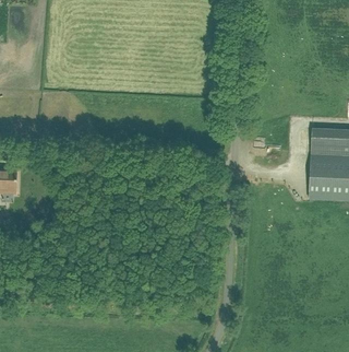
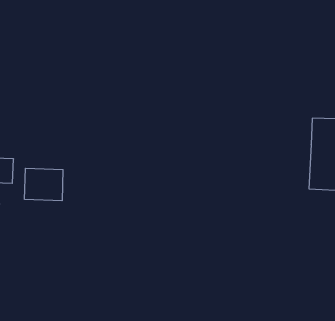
building: none -> [25,168,63,201]

